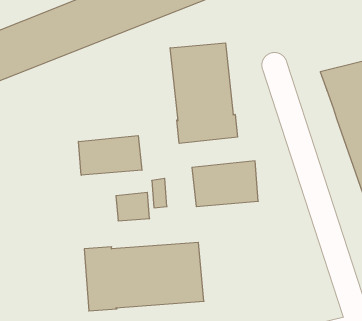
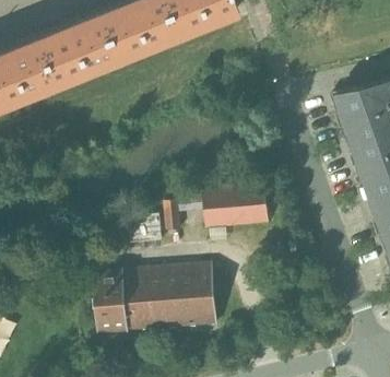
building: [170,43,237,143] -> none
building: [79,136,142,175] -> none

